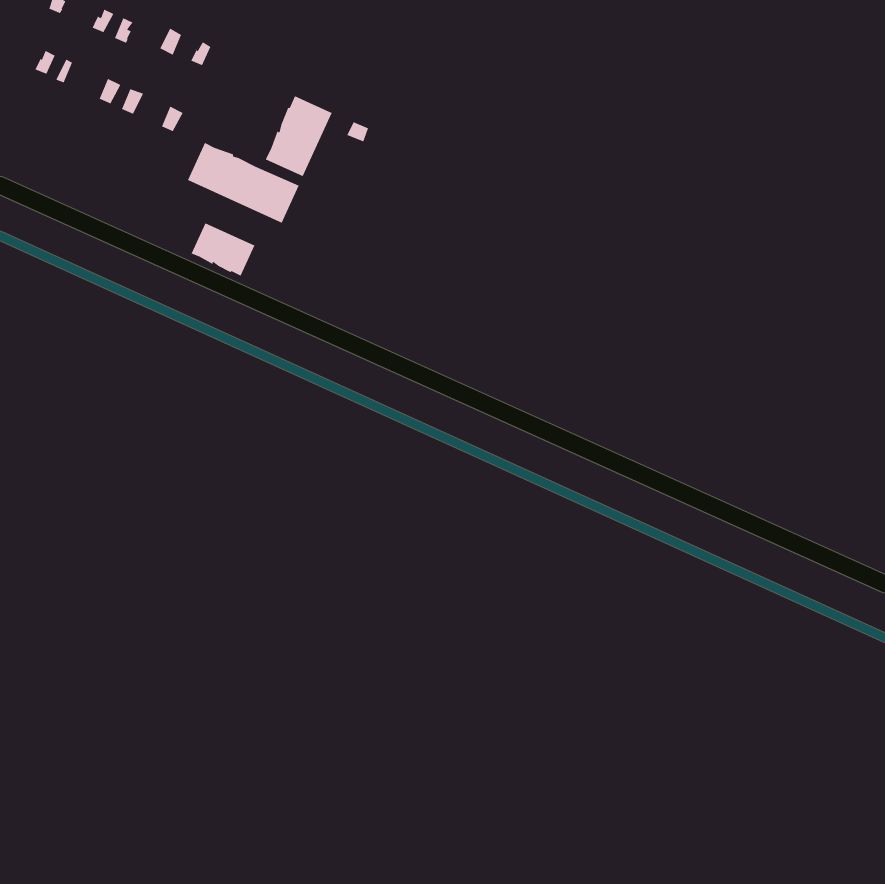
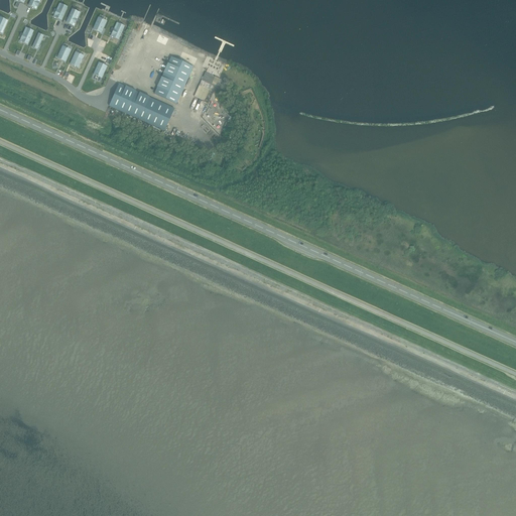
building: [191,222,255,276] -> none

